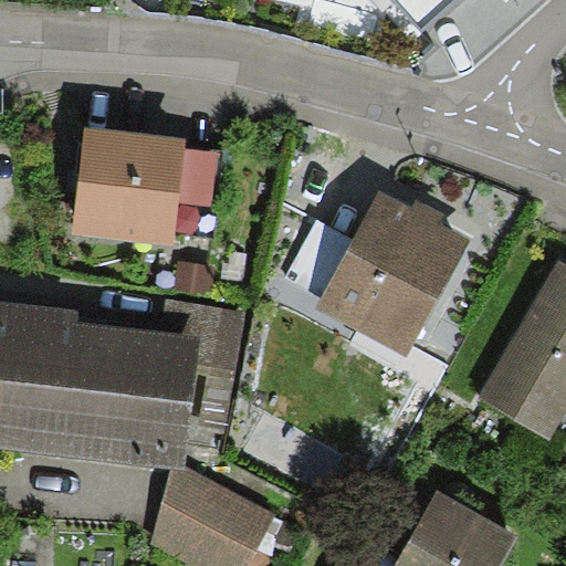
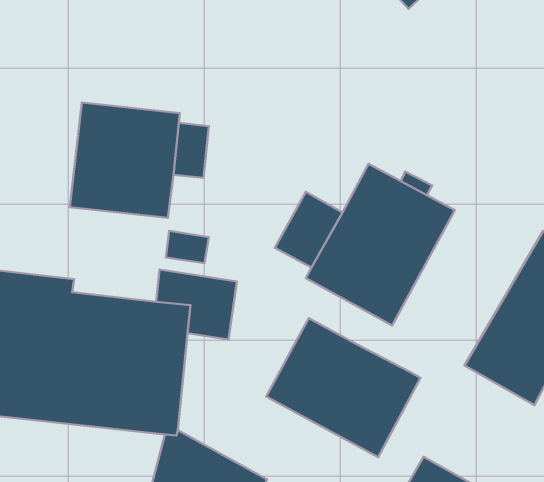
building: none -> [266,318,421,457]

